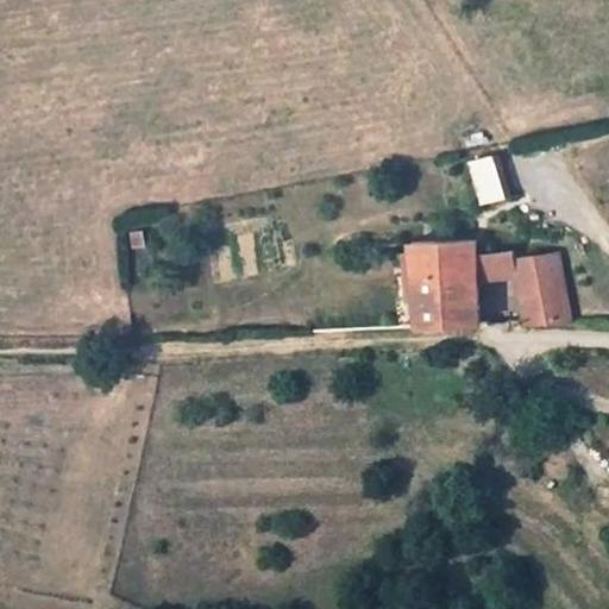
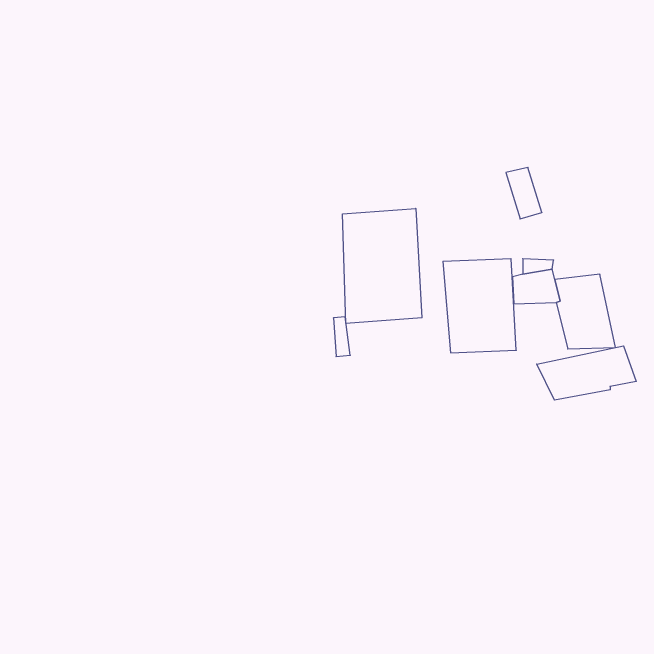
building: none -> [343,208,422,324]
building: none -> [537,346,636,400]

